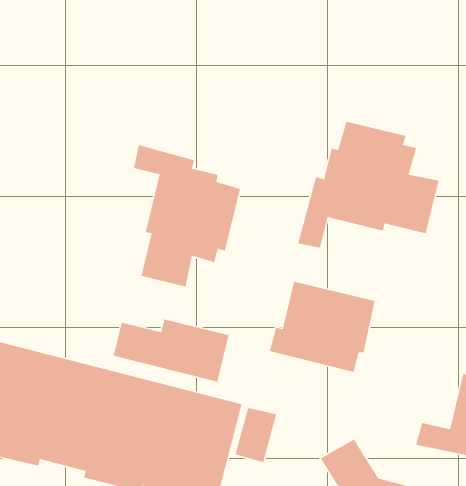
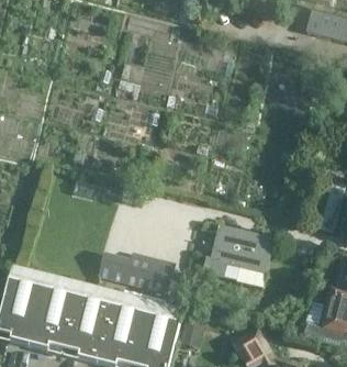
building: [297,121,440,248] -> none
building: [133,144,241,288] -> none

